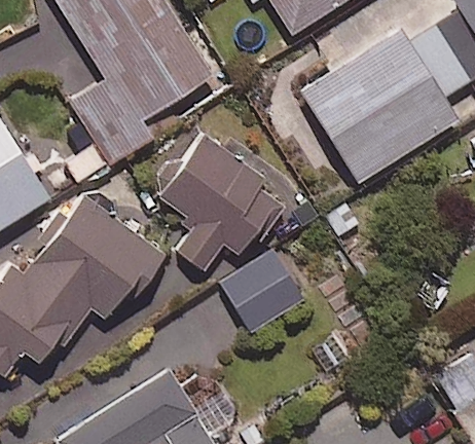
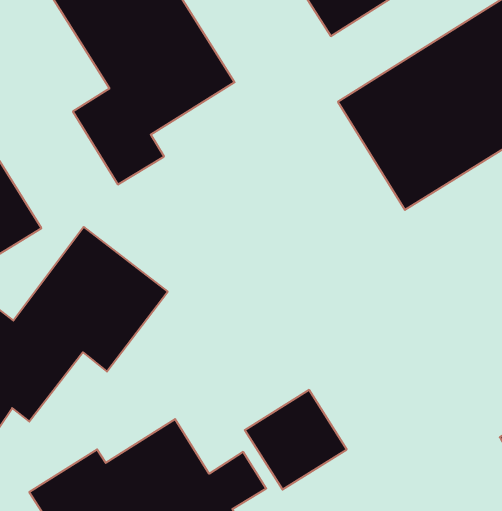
building: [159,136,283,271] -> none
building: [218,250,304,334] -> [245,390,347,490]

